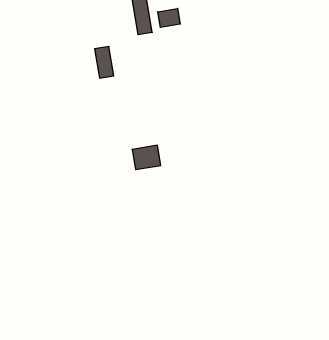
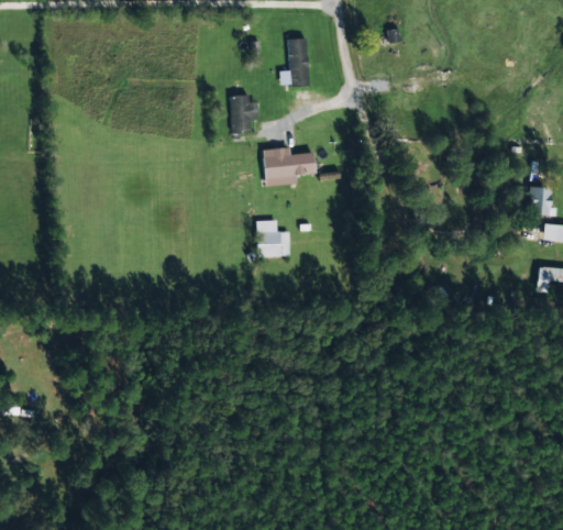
building: [158,8,180,27] -> none
building: none -> [262,152,314,178]

